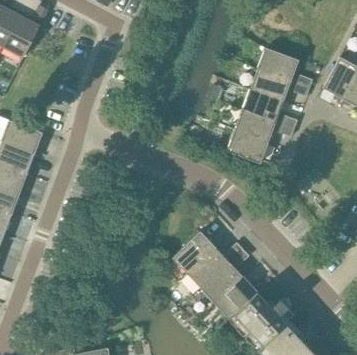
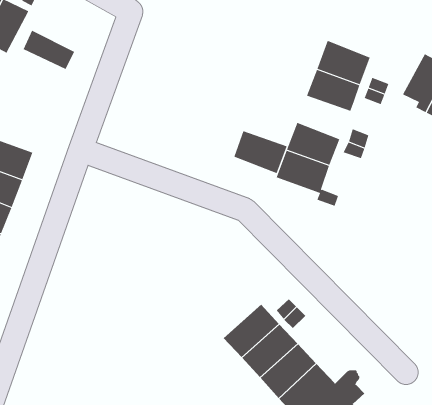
building: none -> [23,30,75,70]
building: [242,89,283,122] -> [234,130,288,174]
building: [172,231,215,273] -> none

